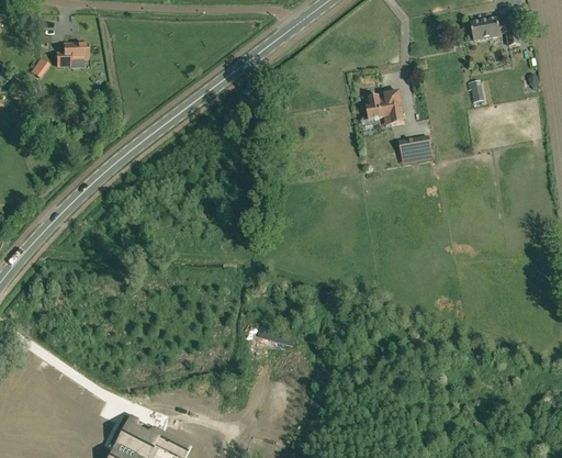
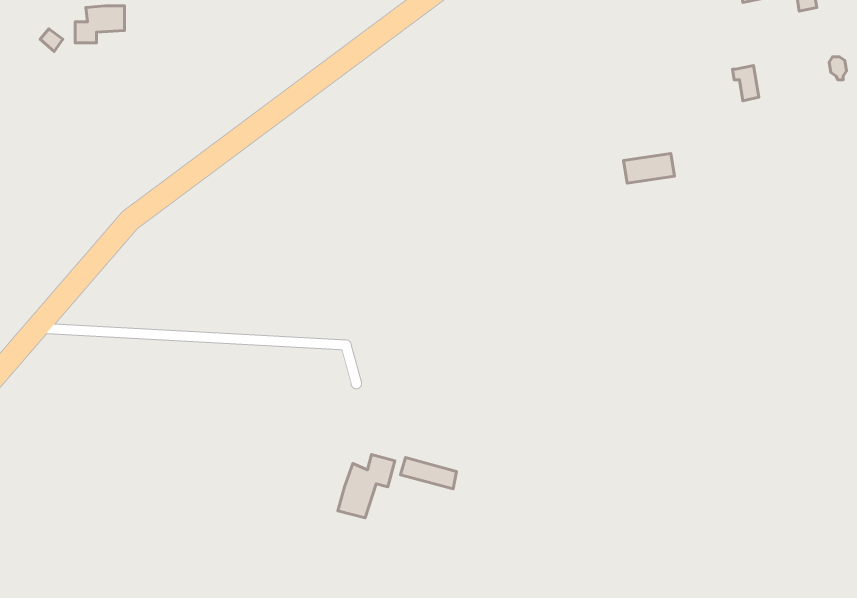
building: [366,93,403,126] -> none
building: none -> [338,454,395,518]

